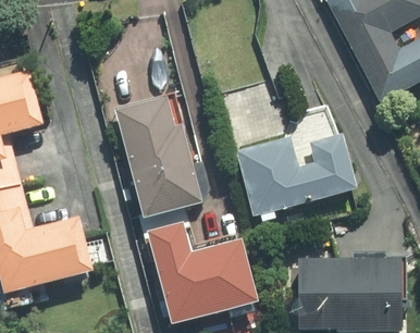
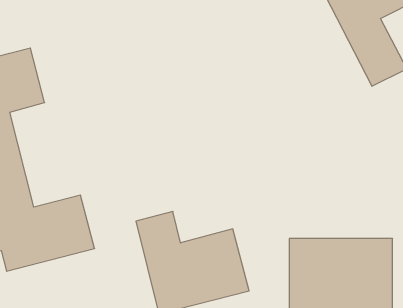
building: [110,99,198,229] -> none
building: [237,140,355,220] -> none

